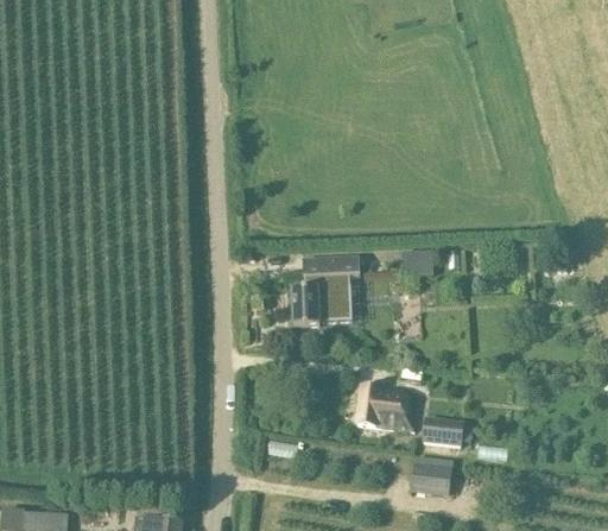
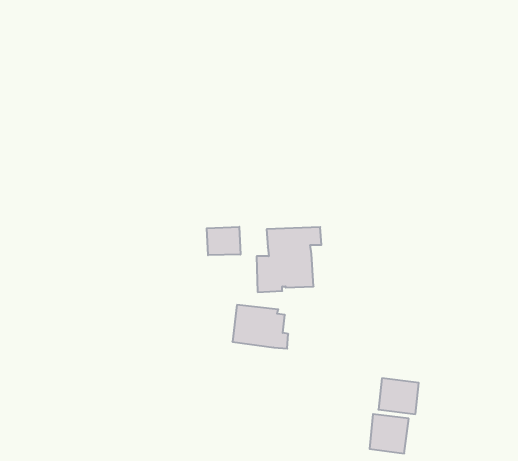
building: none -> [207,227,240,255]
building: [357,385,417,431] -> [232,305,288,349]

